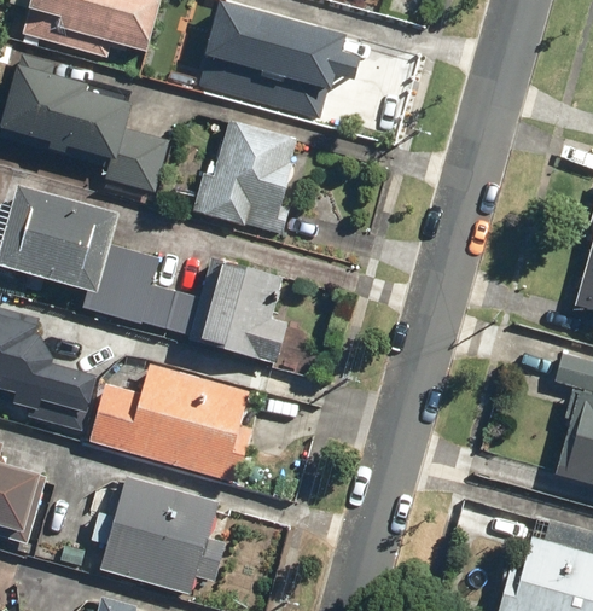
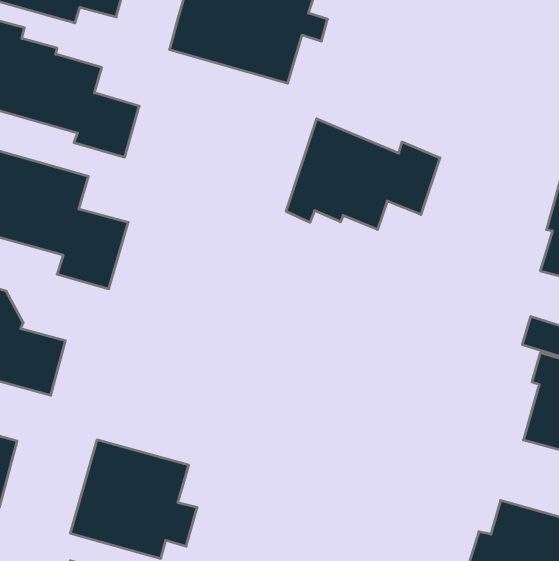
building: [192,122,297,235] -> none
building: none -> [286,119,440,230]
building: [143,256,287,363] -> none
building: [91,365,254,482] -> none

